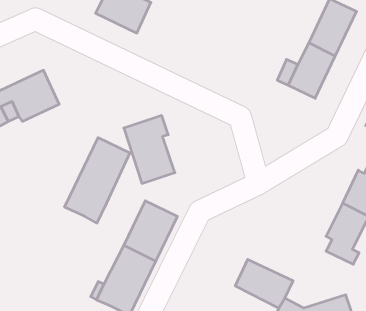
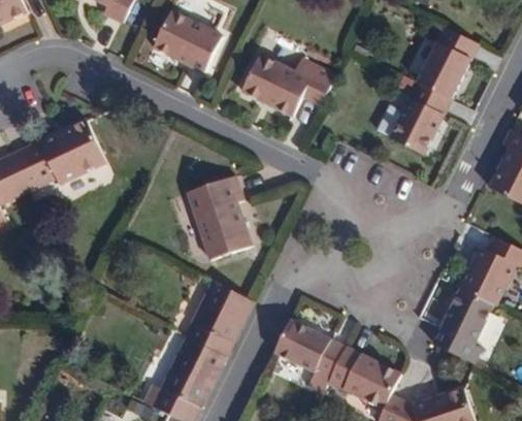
building: none -> [237,52,332,112]
building: [65,138,130,223] -> none
building: none -> [271,327,342,387]

